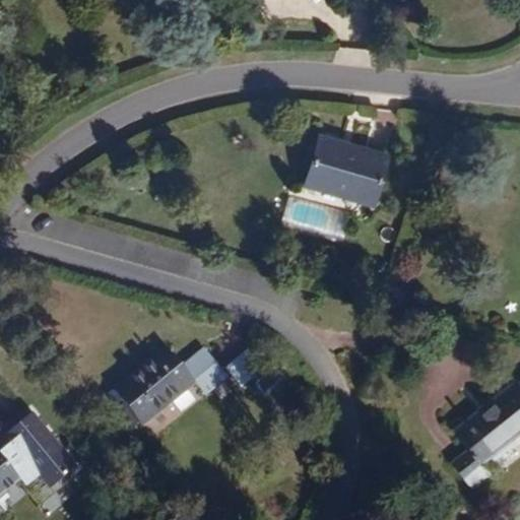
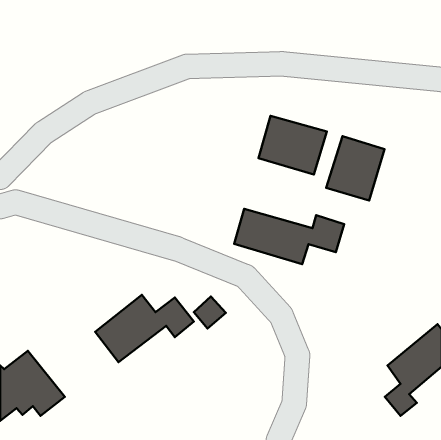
building: none -> [326,136,384,200]
building: none -> [234,209,344,264]

